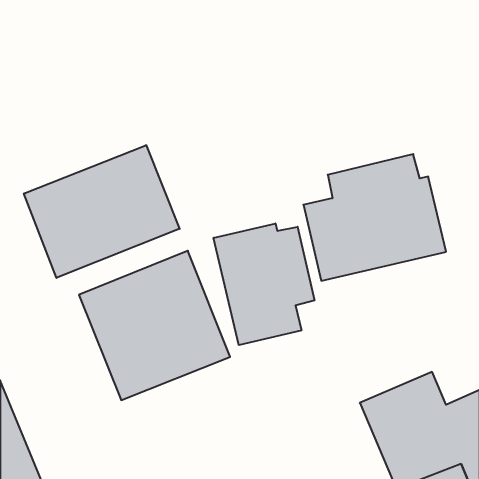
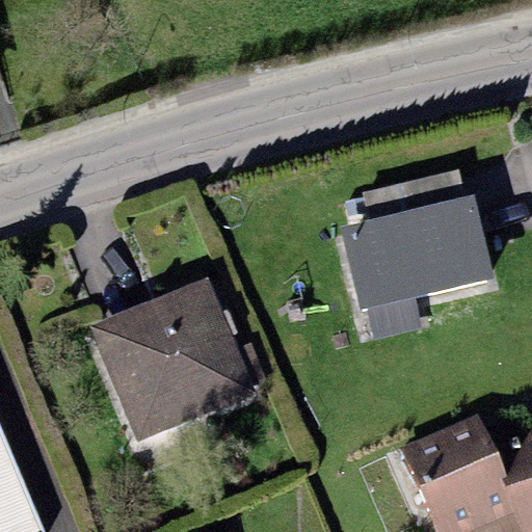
building: [24,145,180,278] -> none
building: [214,223,314,345] -> none

